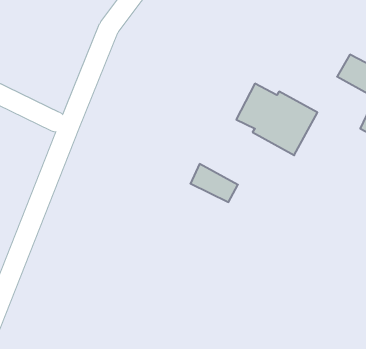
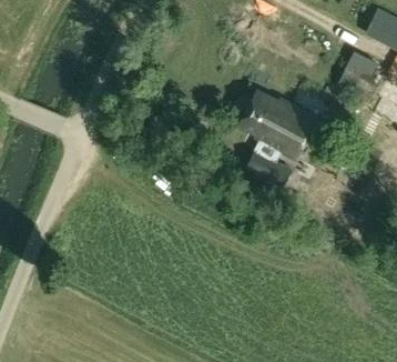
building: [190,164,238,202] -> [245,149,291,185]

